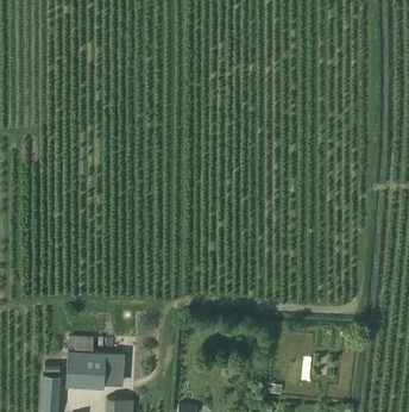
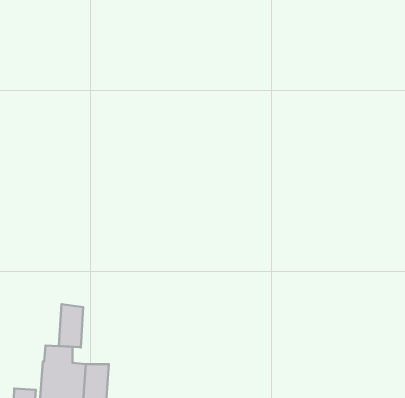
building: none -> [59,304,83,347]

